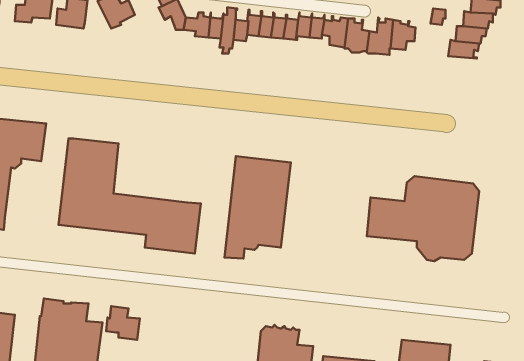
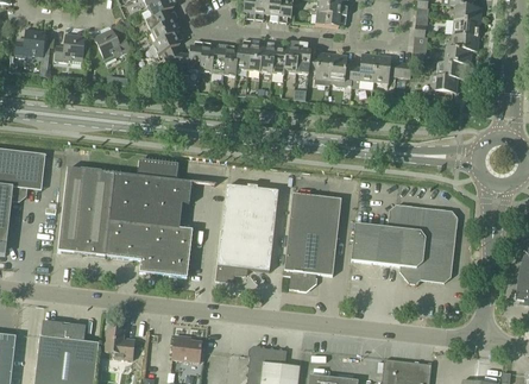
building: none -> [109,157,191,227]
building: none -> [283,191,341,289]
building: none -> [171,334,201,360]

